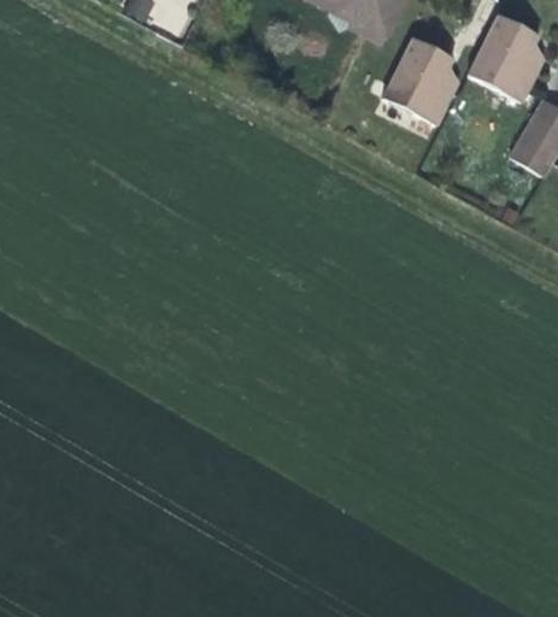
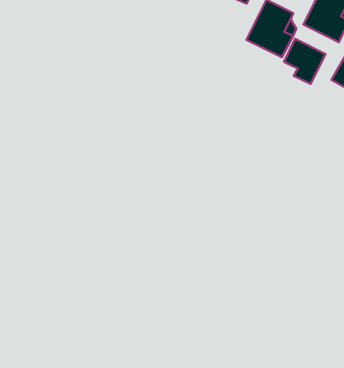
building: none -> [284,39,325,84]

